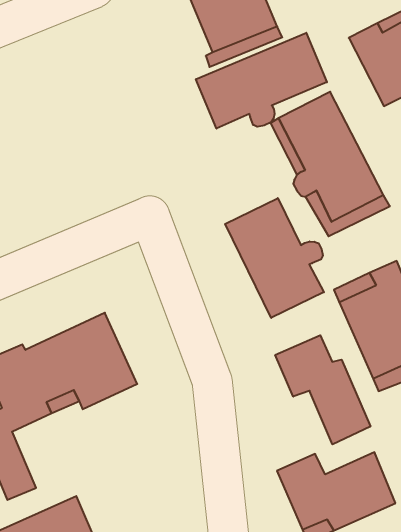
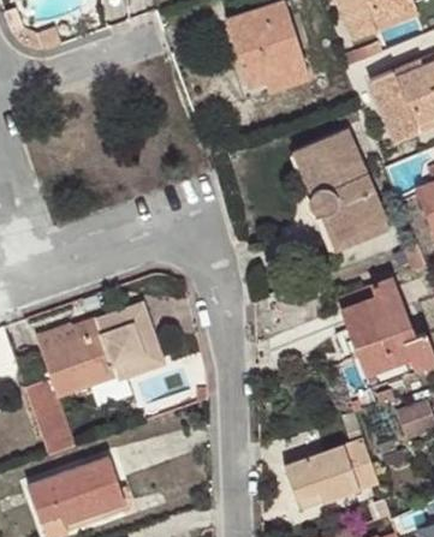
building: [196,33,327,129] -> none
building: [225,198,324,318] -> none
building: [275,335,370,444] -> none

